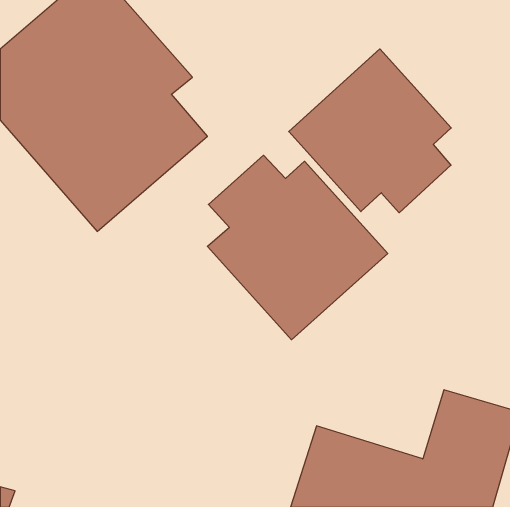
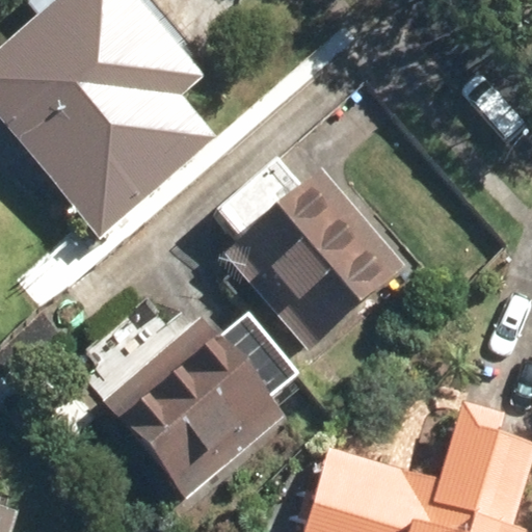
building: [289,49,451,213] -> none
building: none -> [100,313,297,500]

